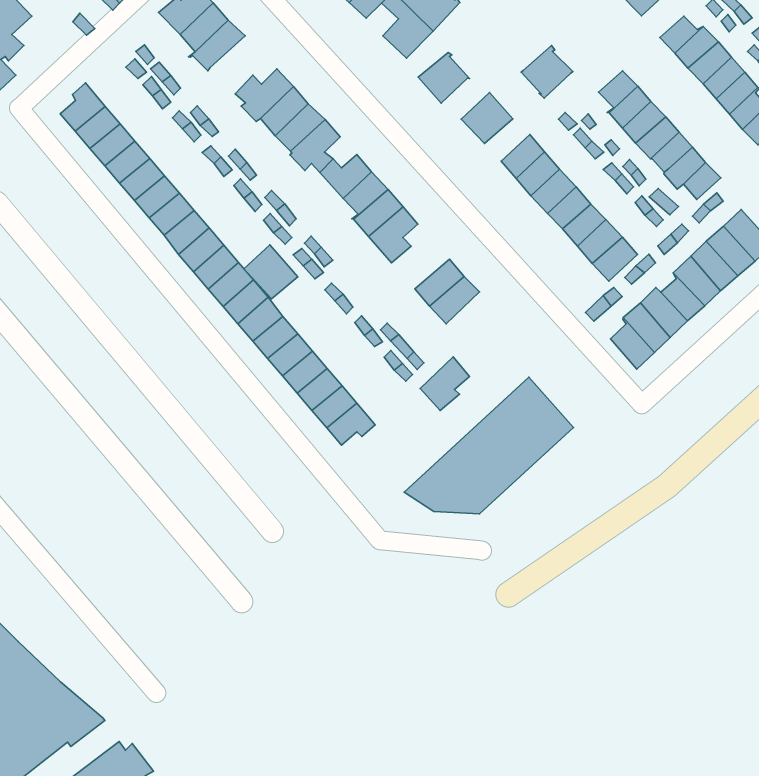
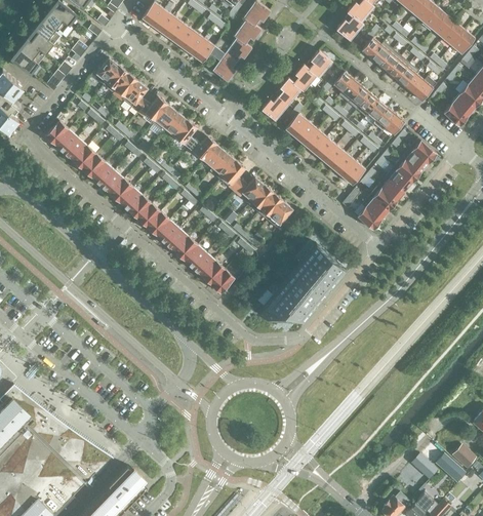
building: none -> [305,50,332,79]
building: none -> [122,81,148,113]
building: [418,53,470,103] -> [274,78,301,106]
building: none -> [234,177,265,204]
building: [244,245,298,299] -> none
building: [420,357,470,411] -> [268,201,293,231]

